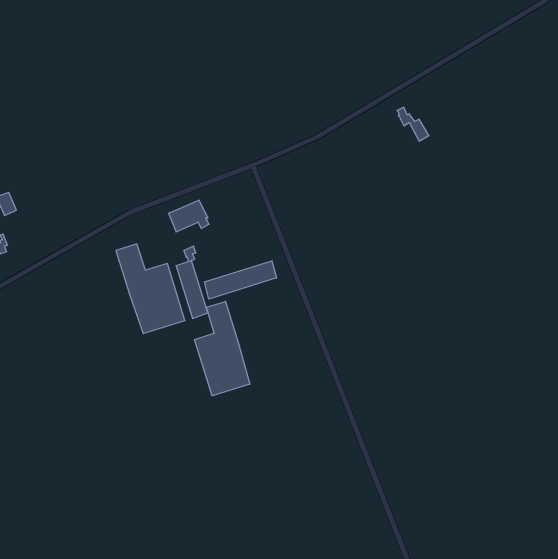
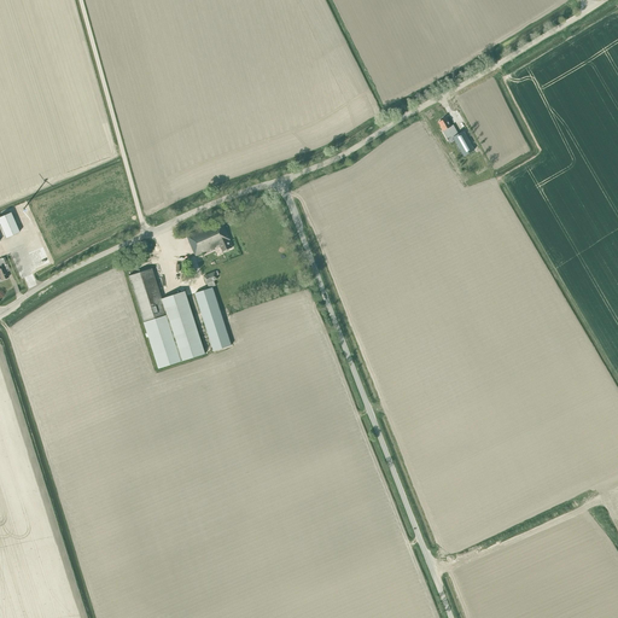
building: [204,261,276,299] -> none
building: [195,301,250,396] -> none

